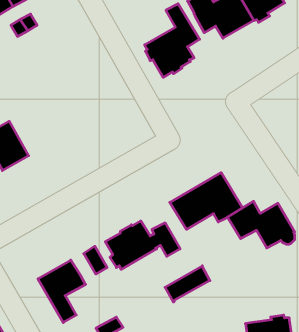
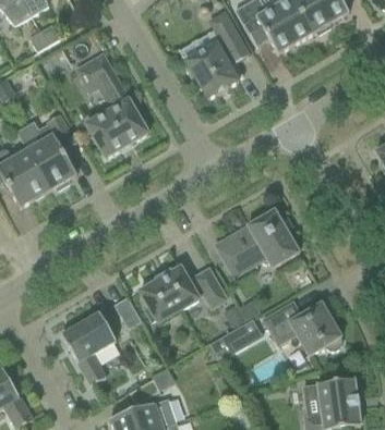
building: none -> [76,53,147,157]
building: none -> [26,113,76,189]
building: [227,201,295,248] -> [262,299,340,354]

